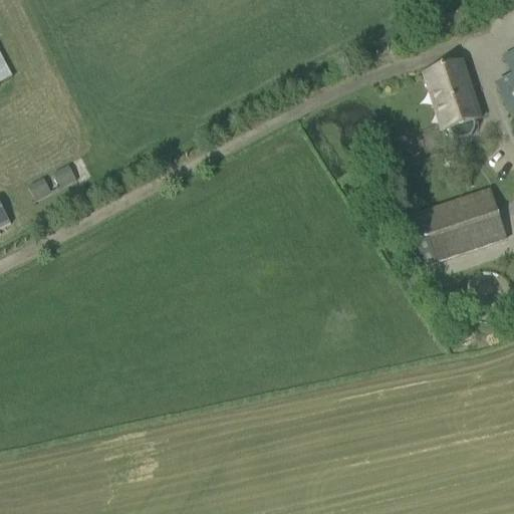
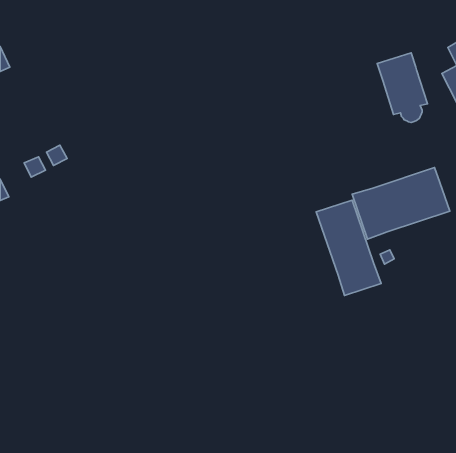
building: none -> [316,200,381,296]

